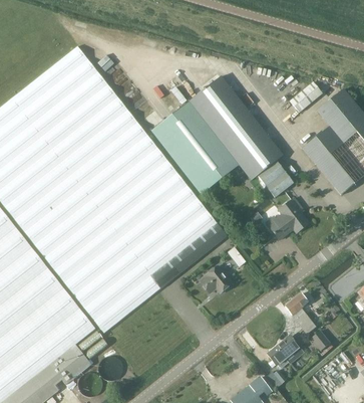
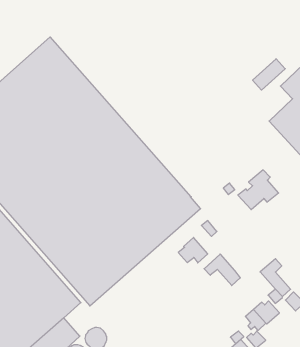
building: [150,76,293,194] -> none
building: none -> [204,254,240,286]

